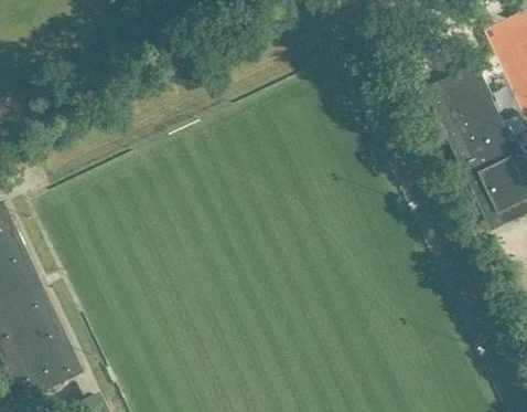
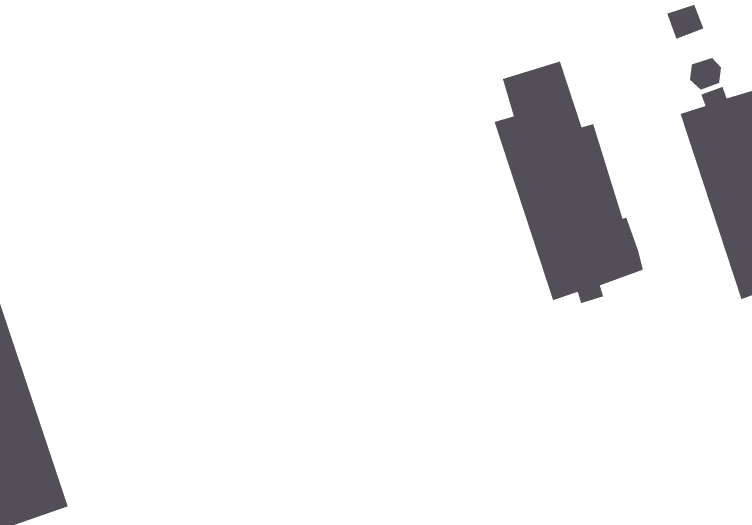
building: none -> [493,61,644,304]

